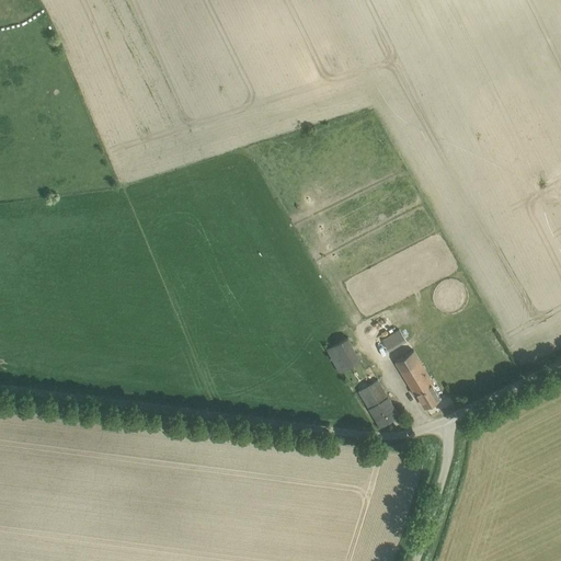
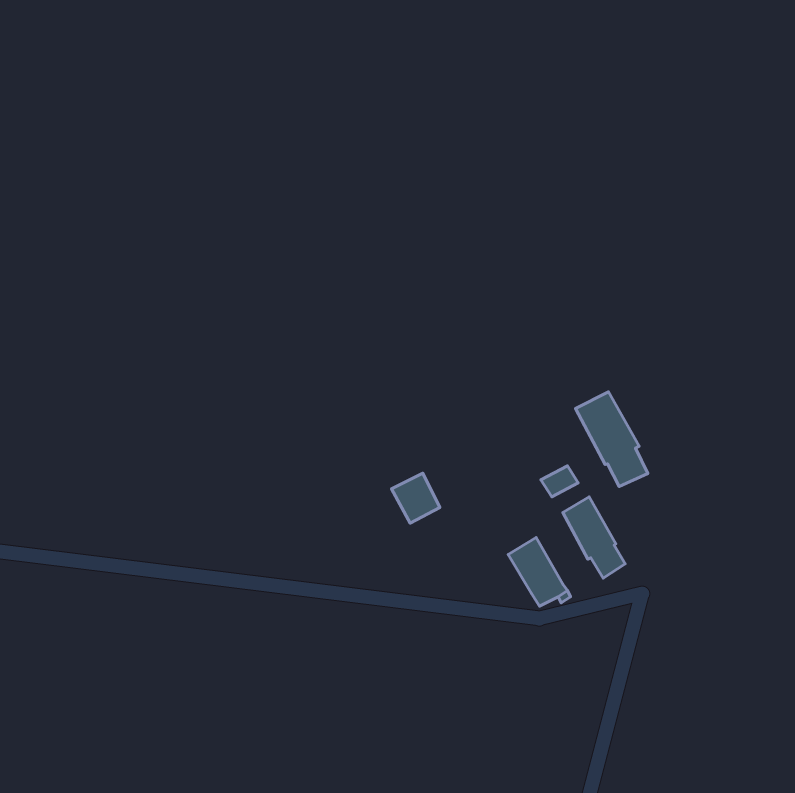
building: none -> [575,392,648,487]
building: [325,339,359,374] -> [392,473,440,523]

